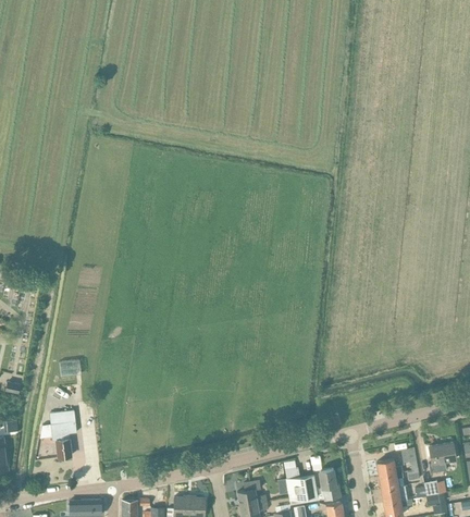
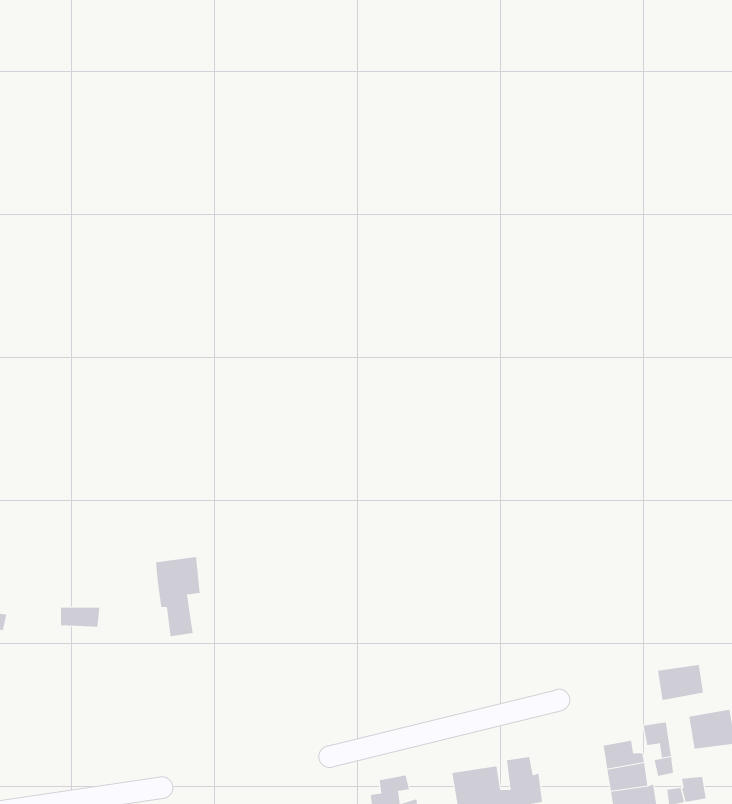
building: [48,411,75,459] -> [155,557,201,637]
building: none -> [657,664,703,701]

